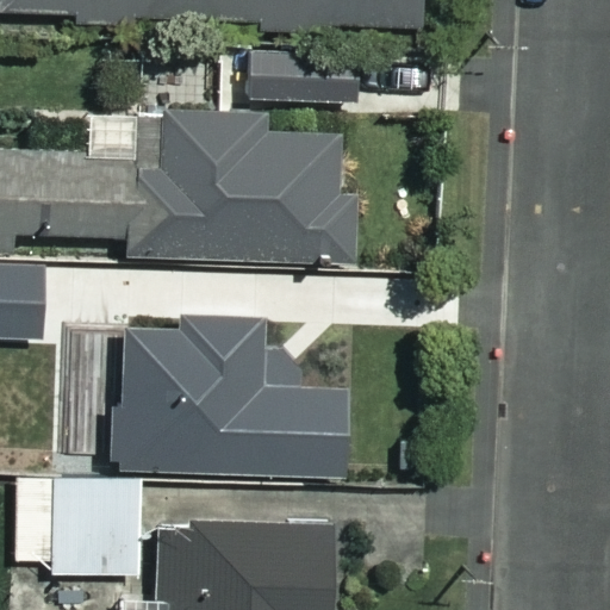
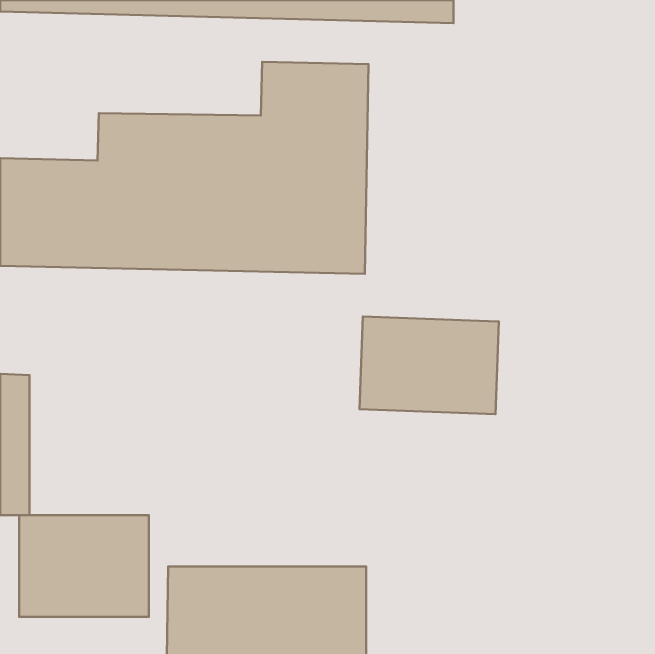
building: none -> [359,317,499,414]
building: [116,315,351,477] -> none

